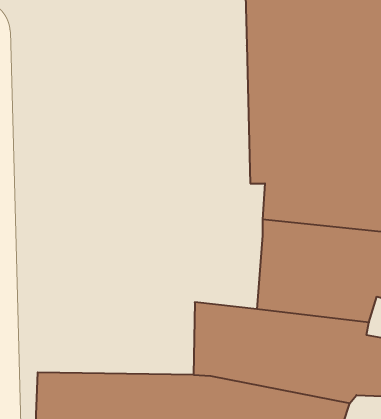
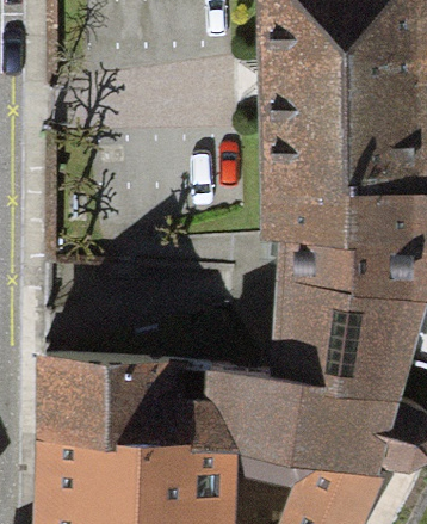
building: none -> [43,353,209,439]

